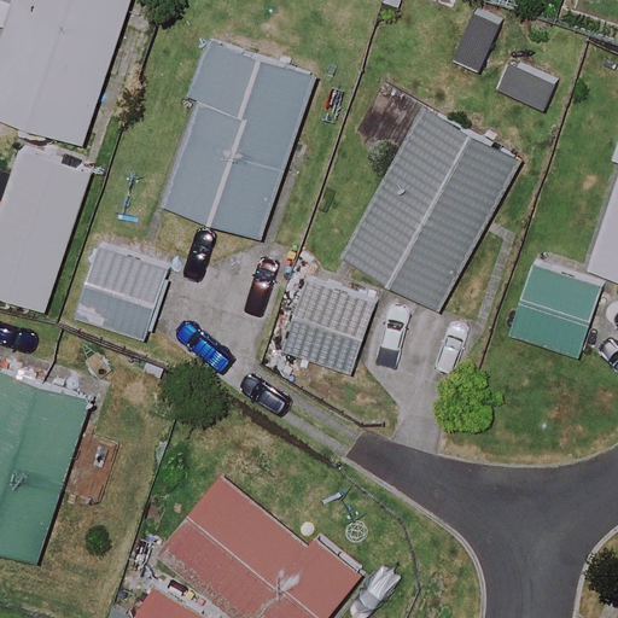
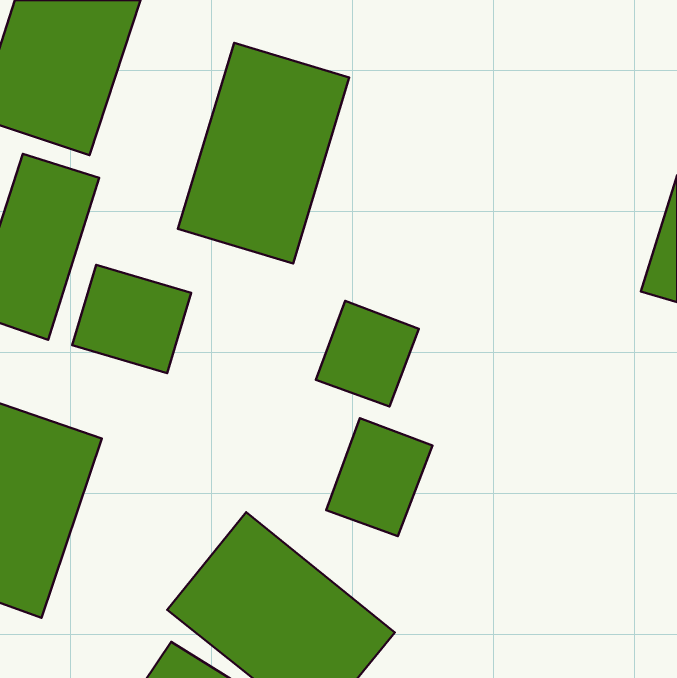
building: [344,106,518,305] -> none
building: [509,269,602,360] -> none
building: none -> [326,418,432,536]

